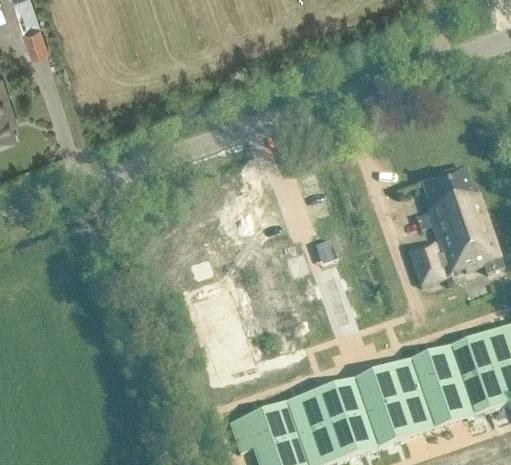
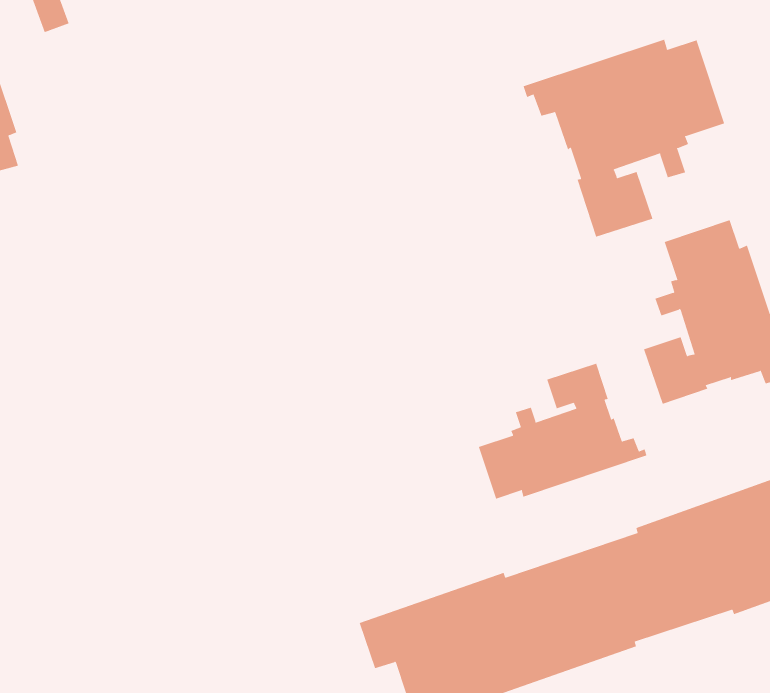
building: none -> [523,39,725,238]
building: none -> [478,363,647,499]

